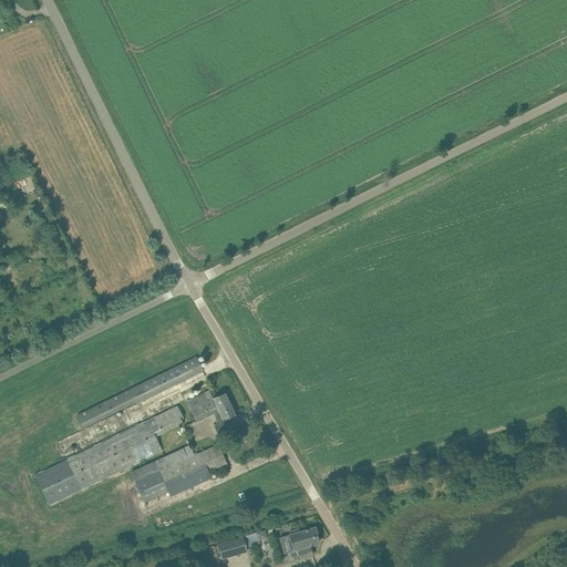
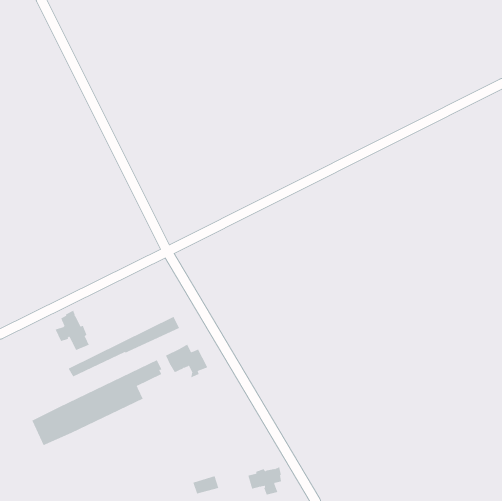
building: none -> [55,310,90,351]
building: [130,443,227,502] -> none

